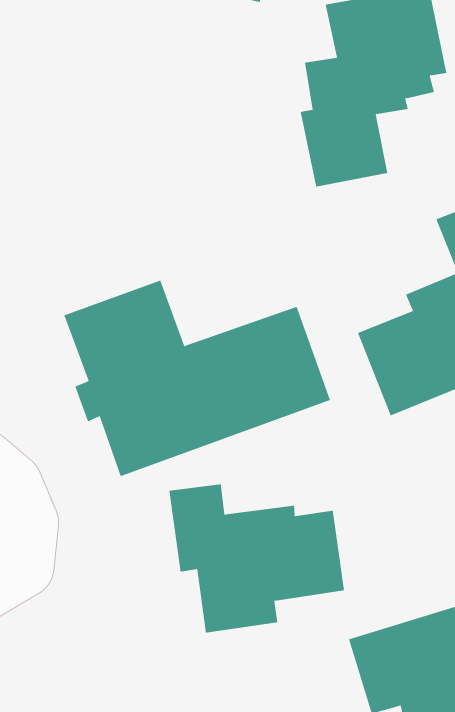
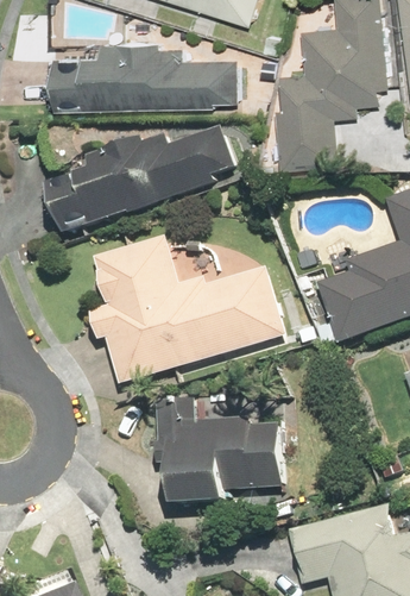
building: none -> [48,40,235,112]
building: none -> [46,125,236,233]

